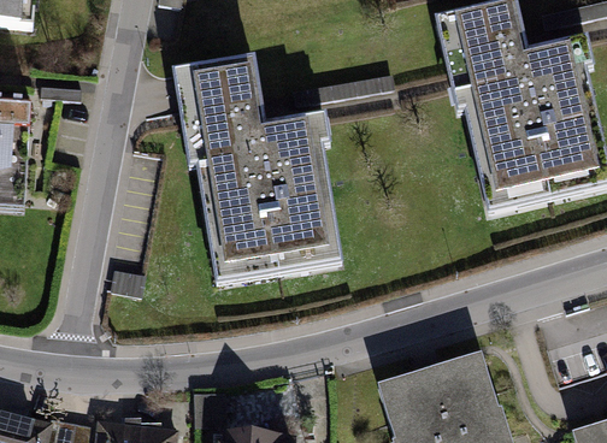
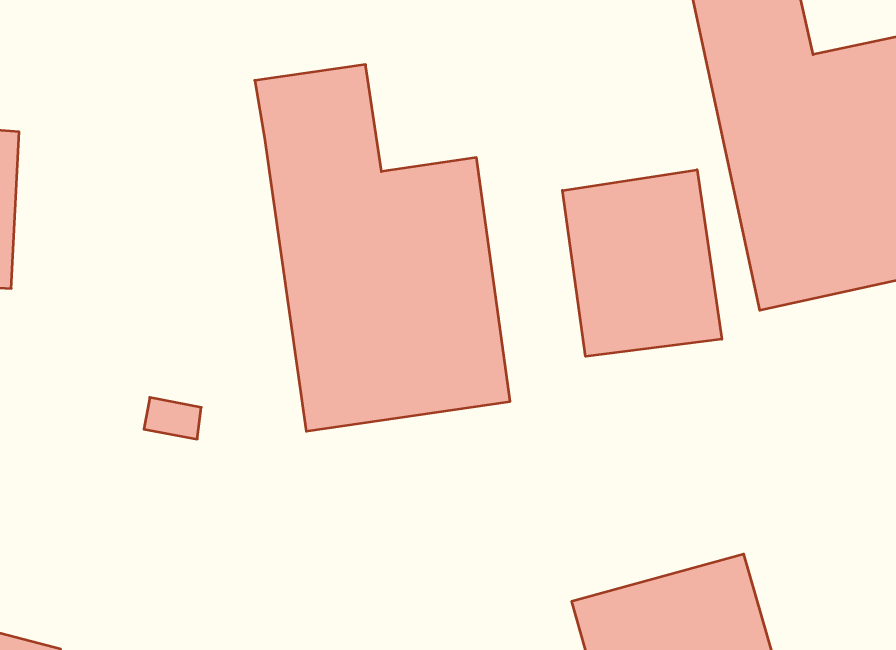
building: none -> [562,170,722,356]

